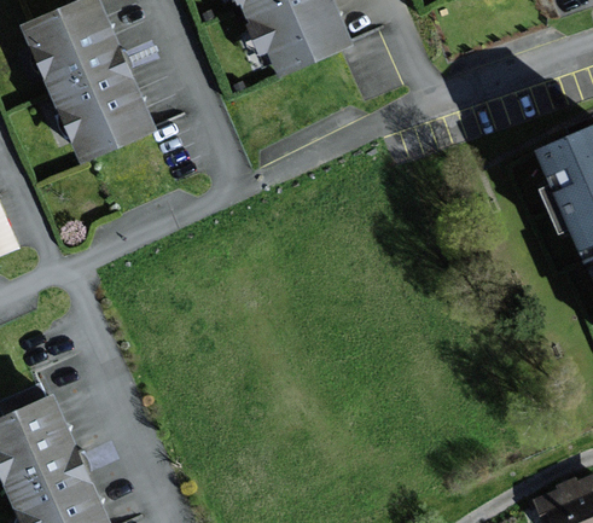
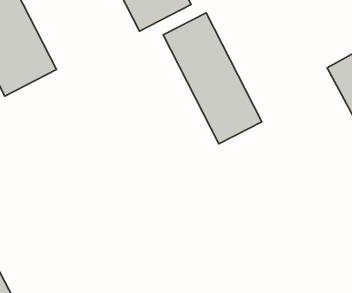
building: none -> [163,13,262,144]

